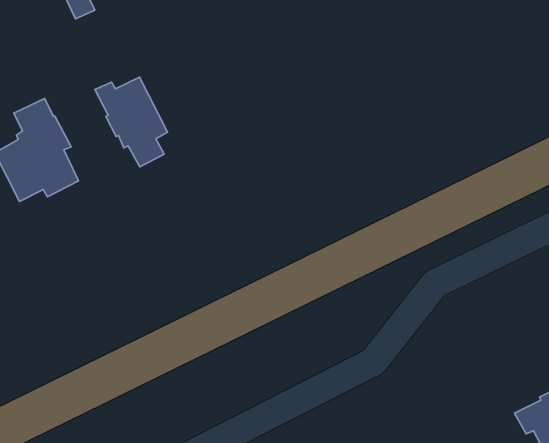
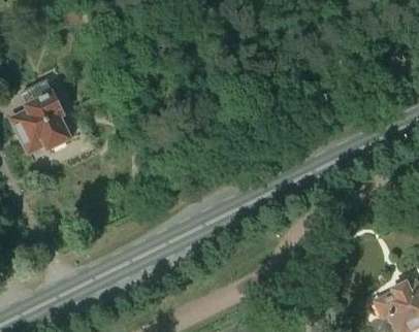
building: [95,77,168,167] -> none

